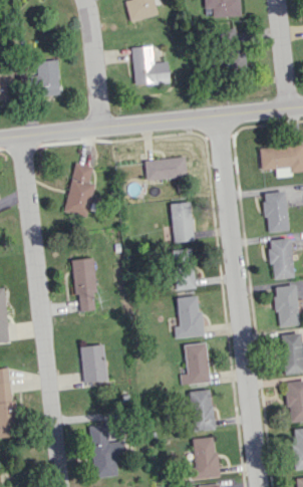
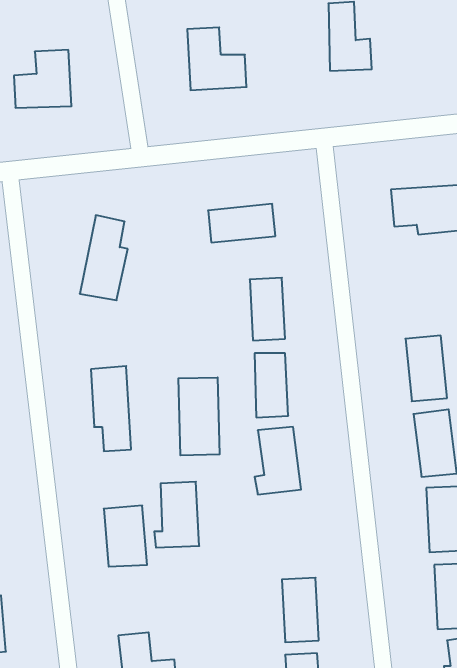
building: [264,192,289,233] -> none
building: none -> [178,377,220,455]
building: [182,343,210,385] -> [154,482,199,548]

